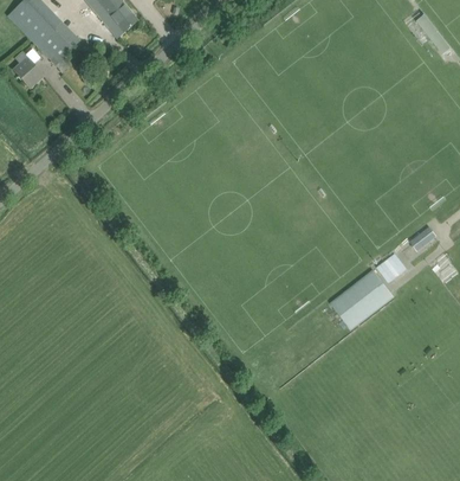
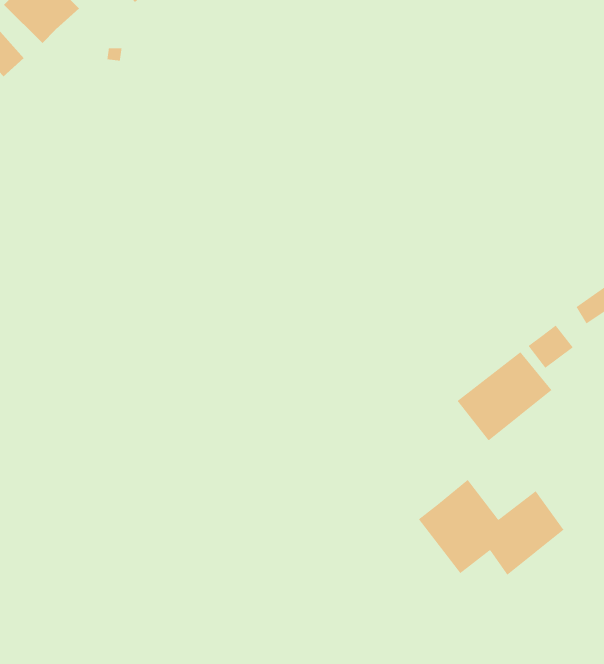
building: none -> [418,479,564,576]

